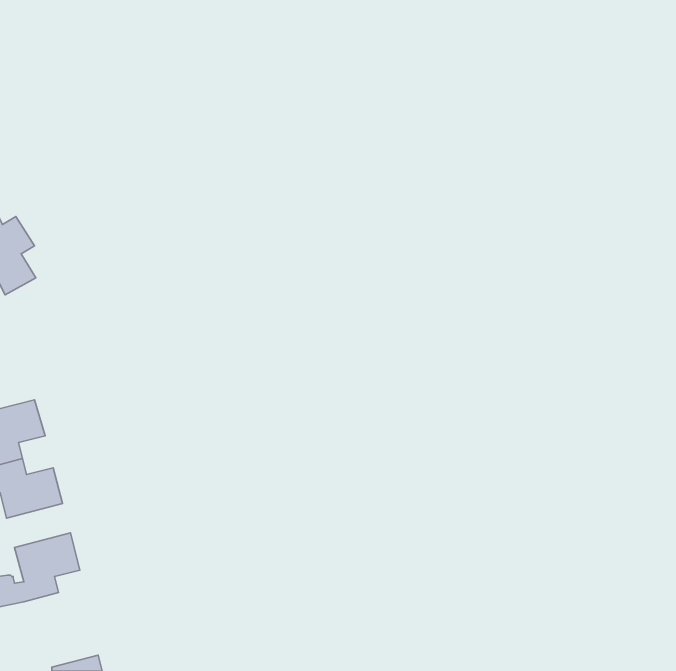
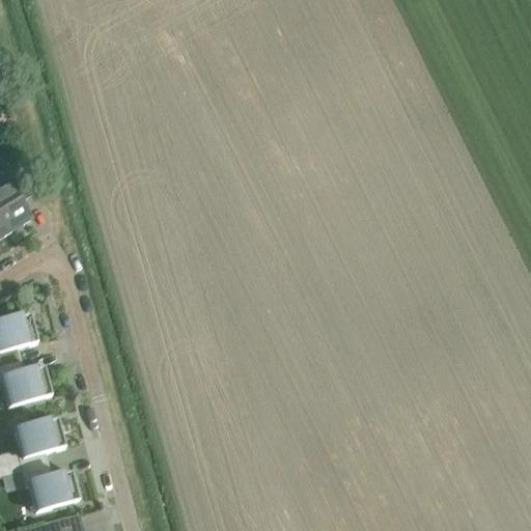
building: none -> [19,463,77,509]

